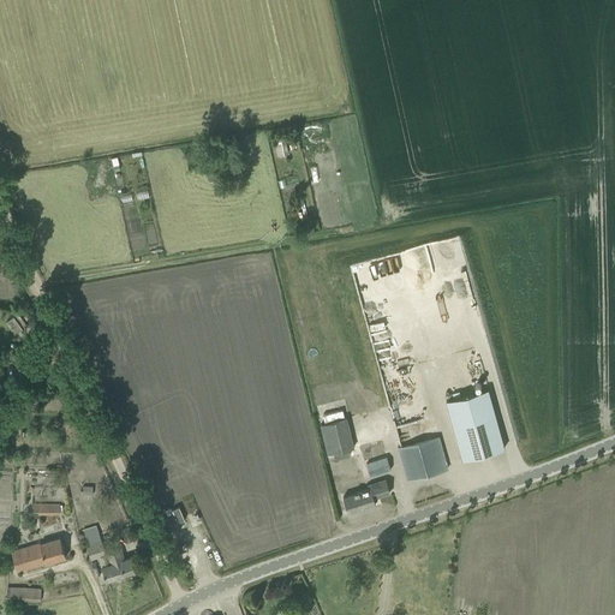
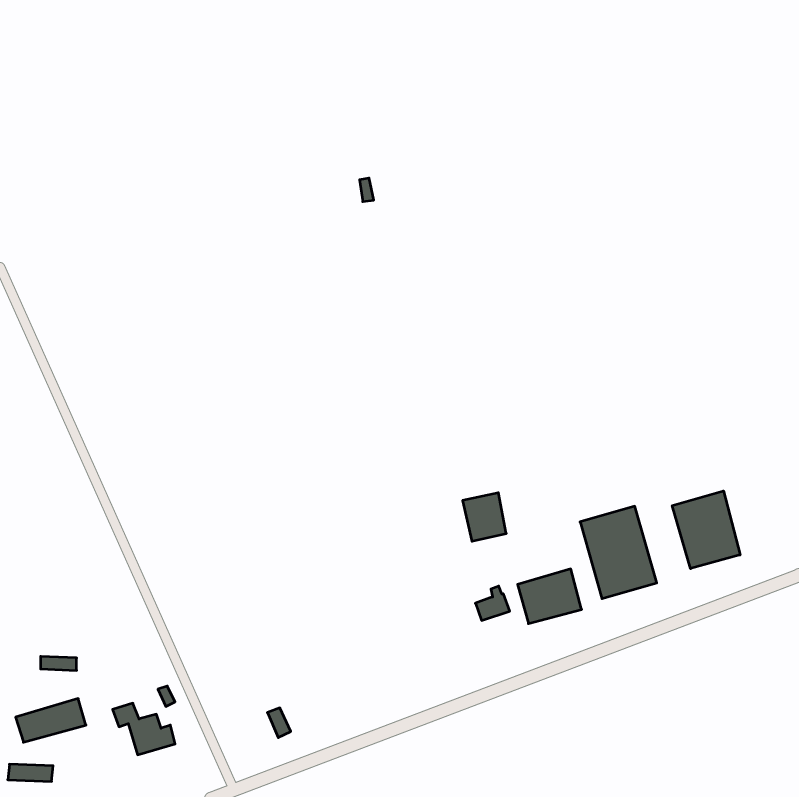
building: none -> [672,491,740,569]
building: [323,417,357,454] -> [463,493,506,541]
building: [342,480,389,513] -> none

